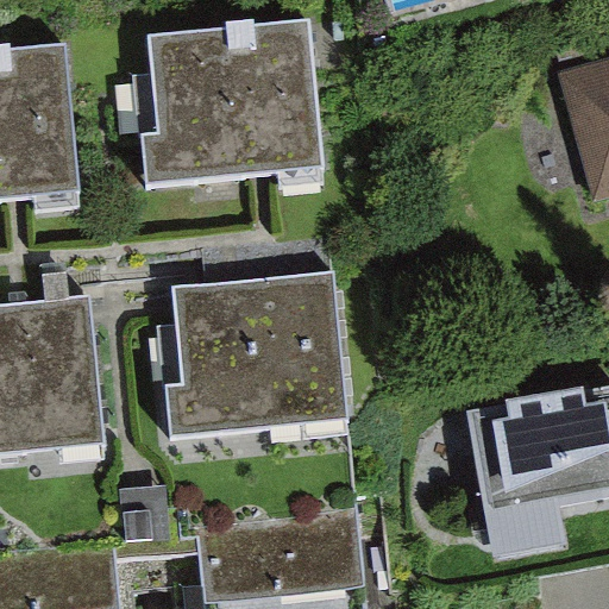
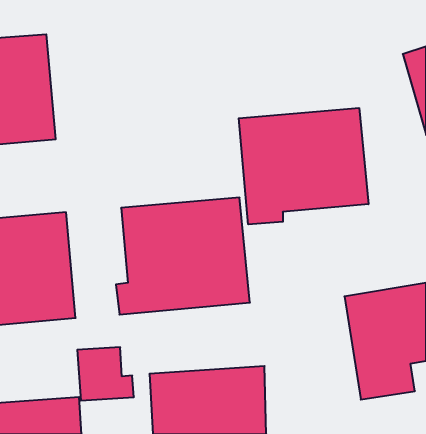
building: [139,25,324,187] -> none
building: none -> [239,108,368,224]

